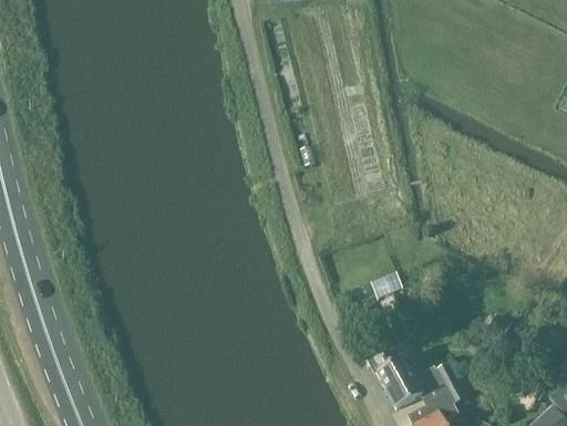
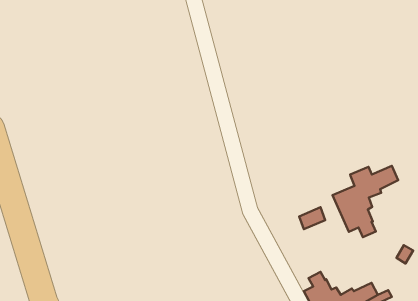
building: none -> [333,166,398,237]

